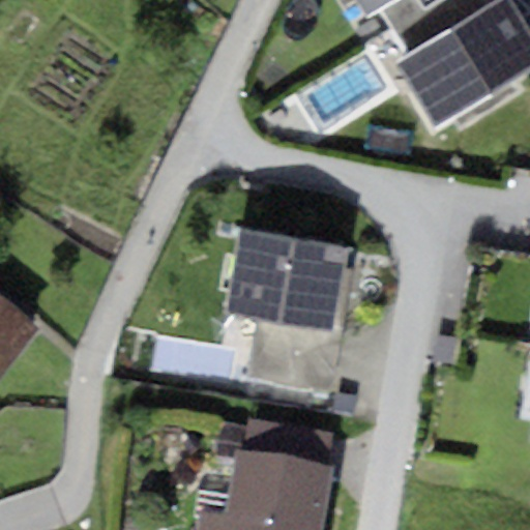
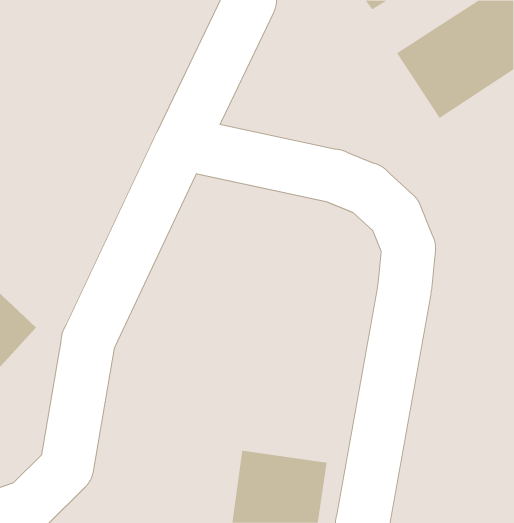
building: [219,240,347,335] -> none

